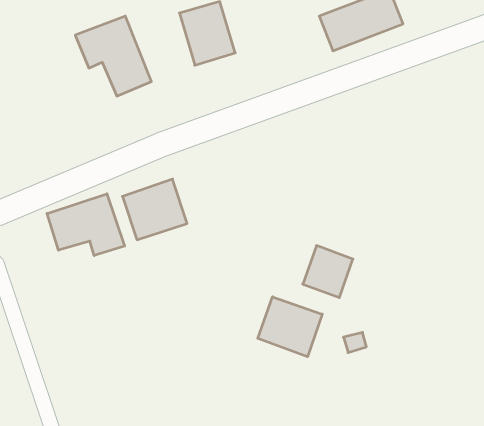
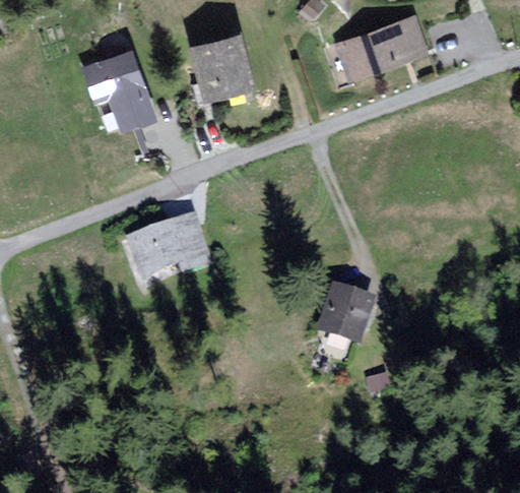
building: [47,194,125,256] -> none
building: [258,297,322,357] -> none

